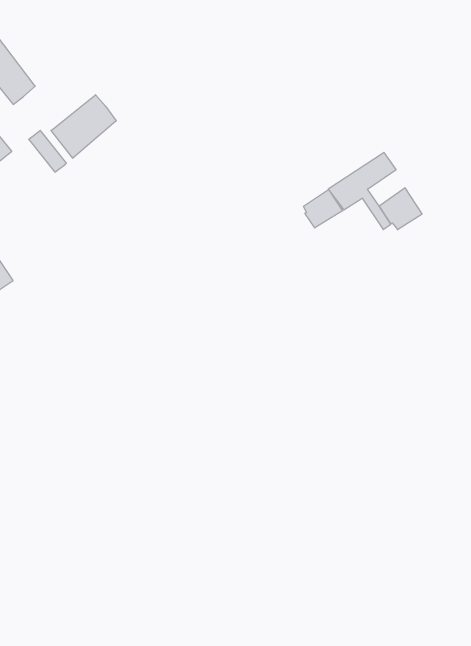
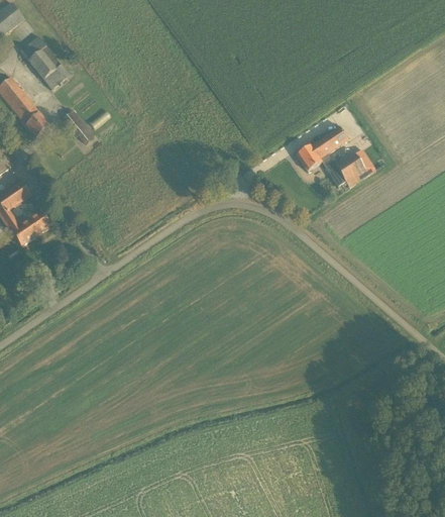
building: [51,95,116,158] -> none
building: [304,190,343,228] -> none

